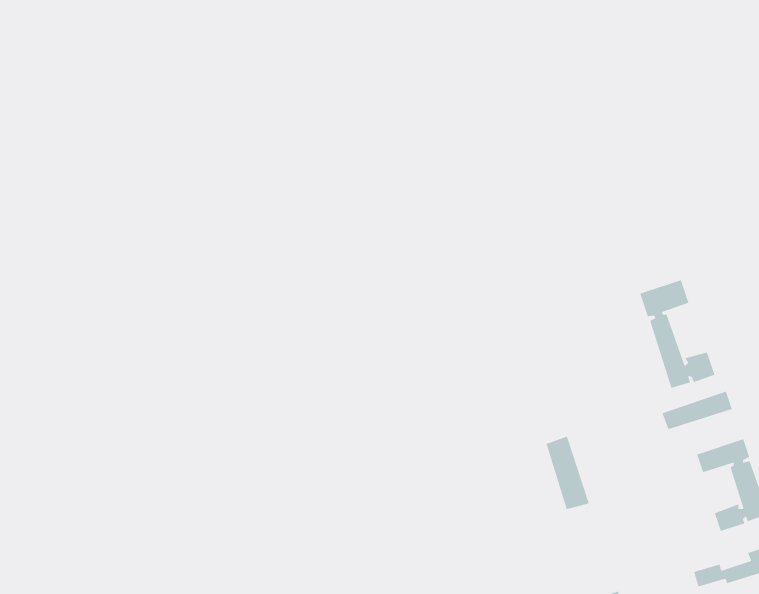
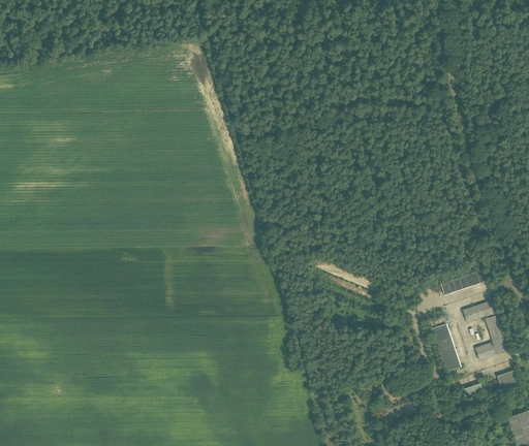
building: [639,279,715,389] -> none
building: [545,436,590,510] -> [432,323,461,372]

